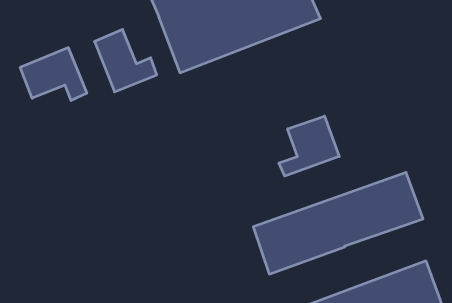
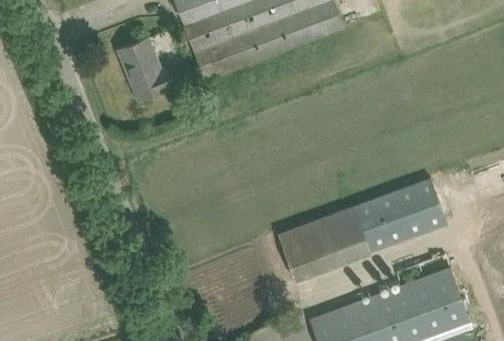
building: [20,48,87,101] -> none
building: [279,116,339,176] -> none

